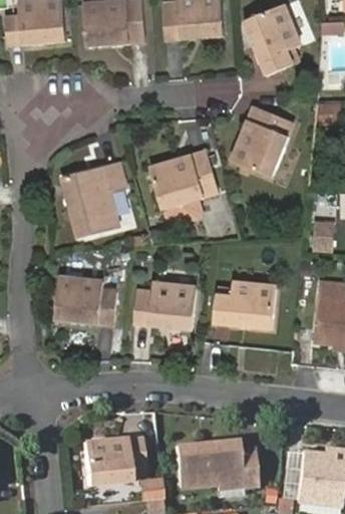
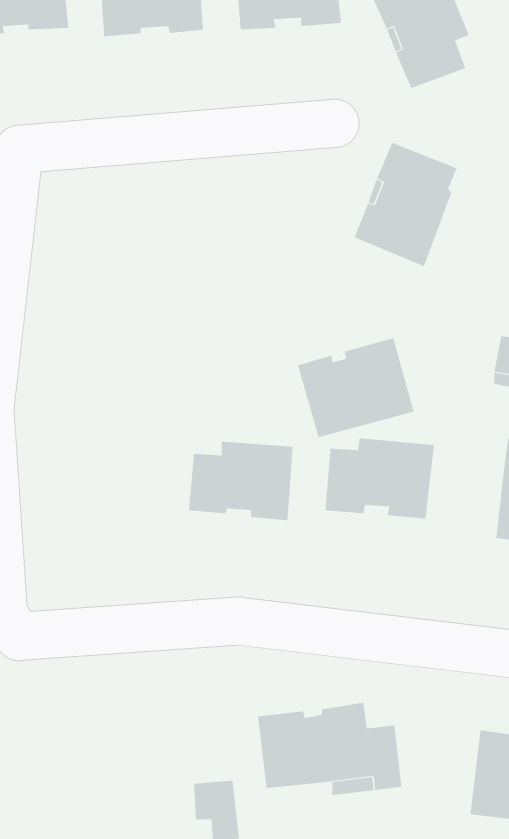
building: [151,151,220,209] -> [297,338,415,438]
building: [60,160,124,238] -> none
building: [56,278,117,328] -> none
building: [83,432,143,481] -> none

